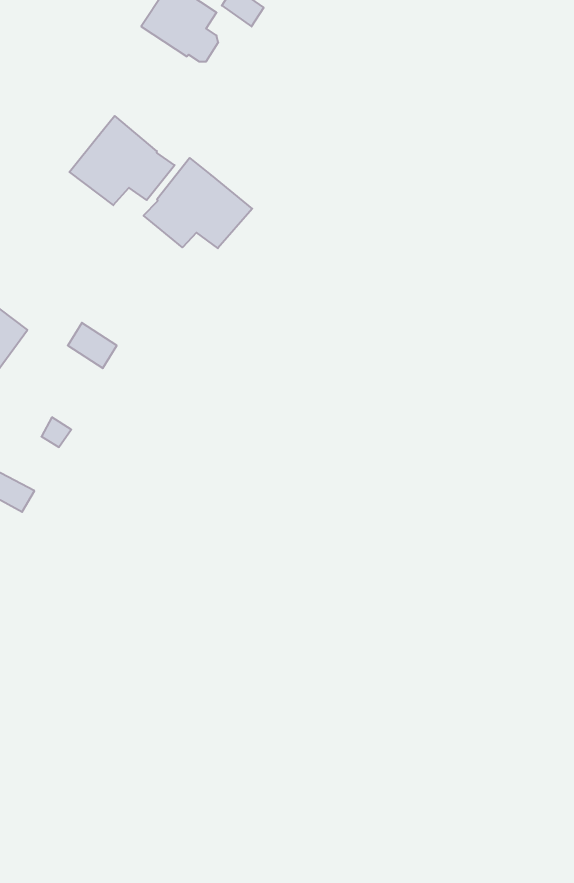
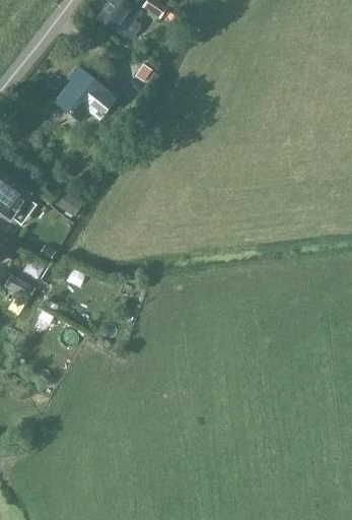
building: [144,158,252,248] -> none

